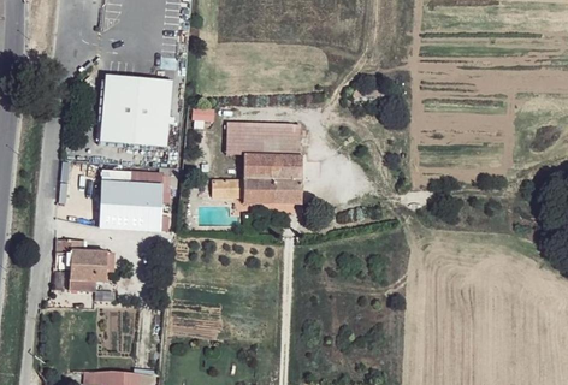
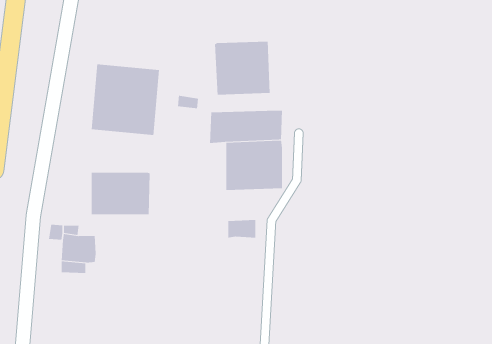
building: none -> [215,41,270,95]
building: [100,170,160,186] -> none
building: [211,177,241,196] -> [227,220,256,238]

